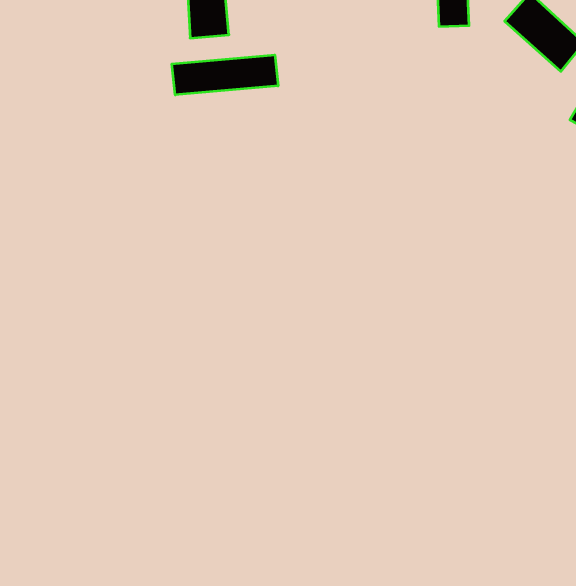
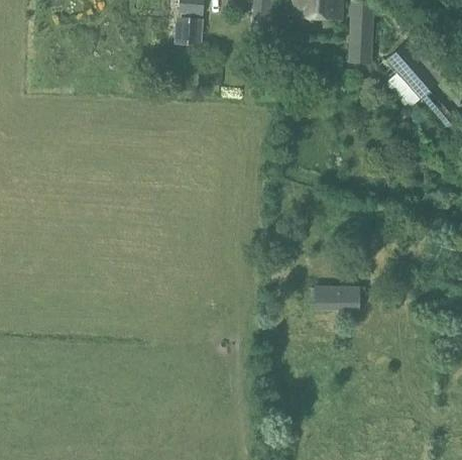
building: [172,55,278,95] -> none
building: none -> [317,288,370,308]

